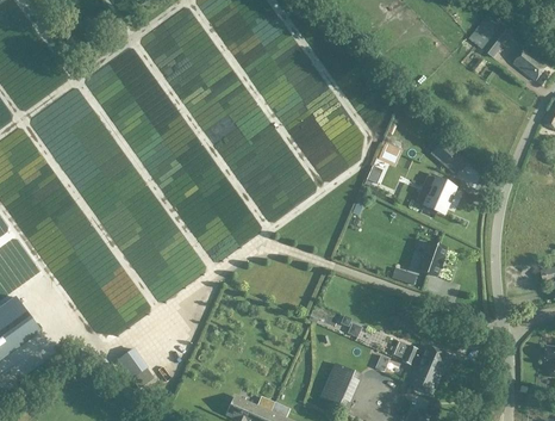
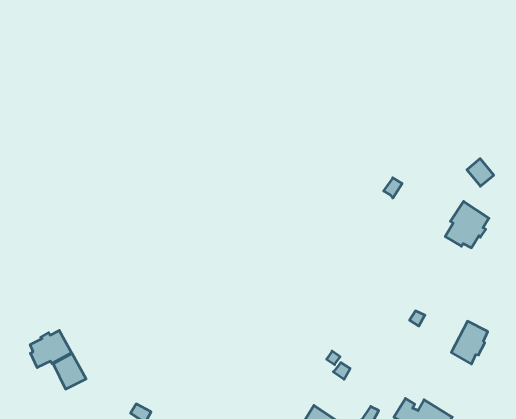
building: [417,241,444,275] -> [451,321,488,364]
building: none -> [30,330,72,368]

